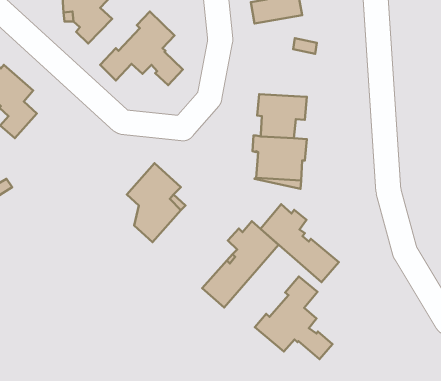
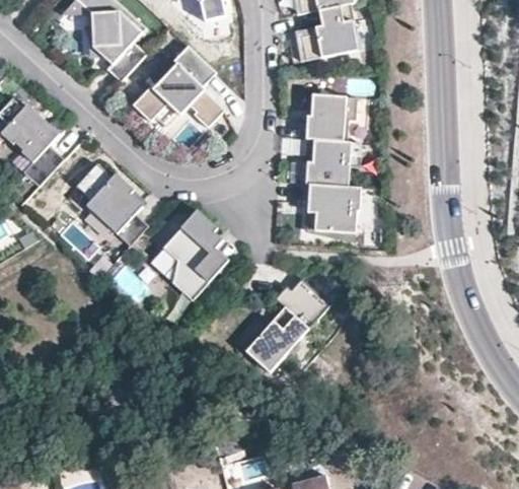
building: none -> [305,92,356,139]
building: none -> [75,162,147,246]
building: [260,204,339,282] -> none
building: [255,276,332,359] -> none

